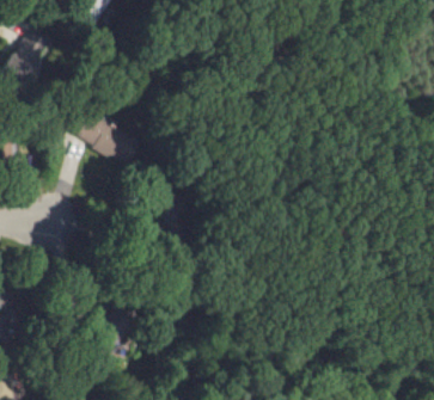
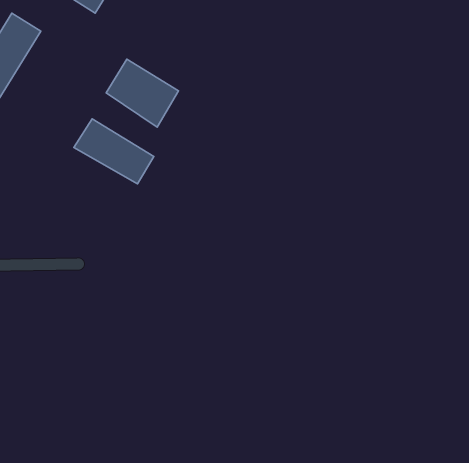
building: none -> [106,59,179,127]

